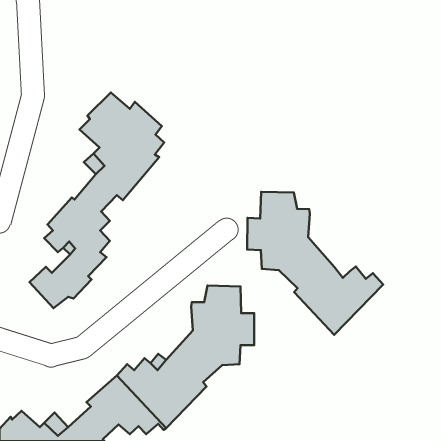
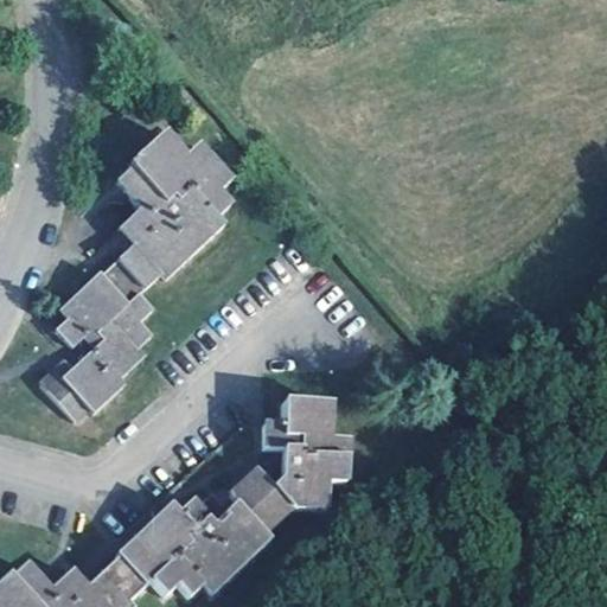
building: [247,192,383,335] -> none

